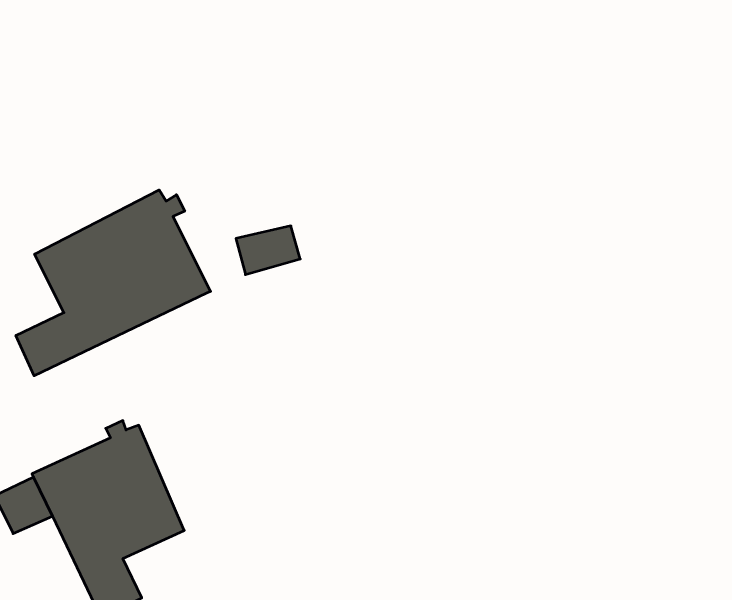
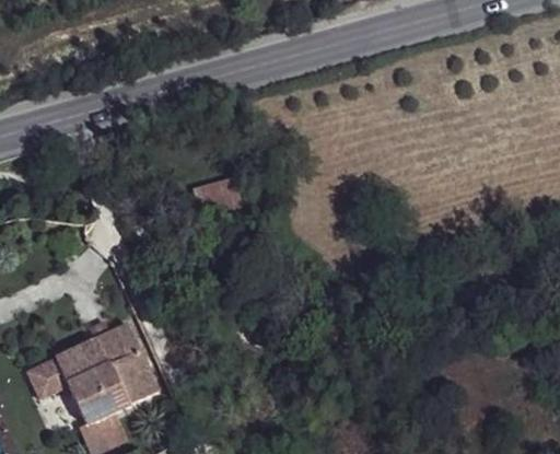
building: [16,190,211,376] -> none

